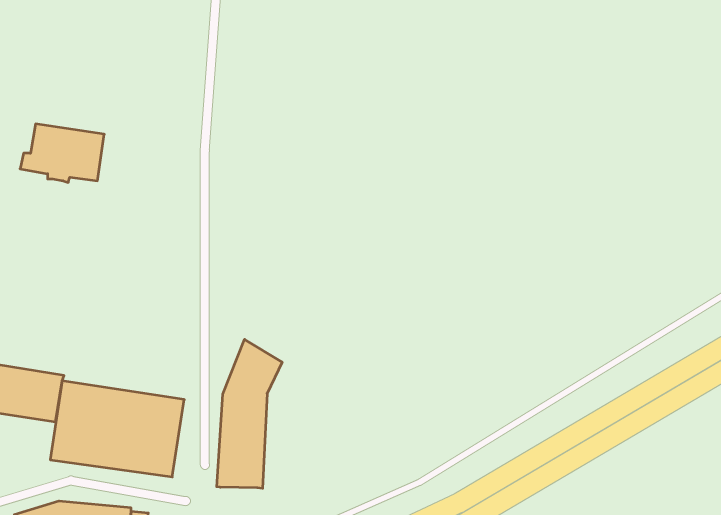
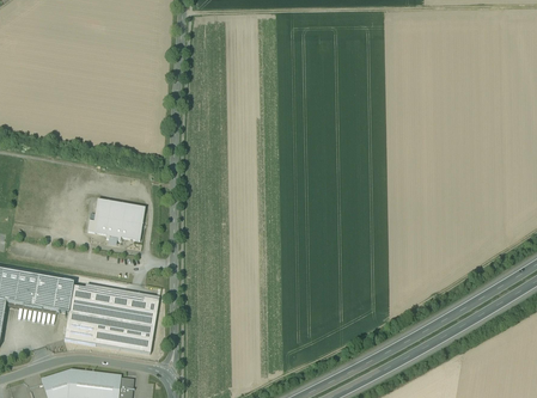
building: [20,124,104,182] -> [86,198,145,239]
building: [217,339,282,488] -> none

